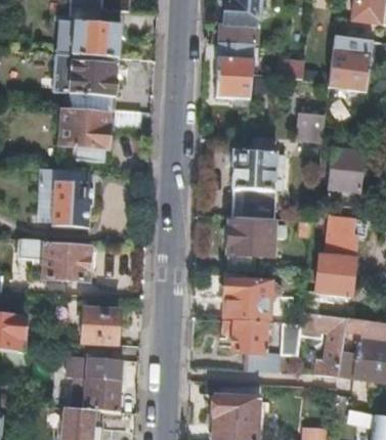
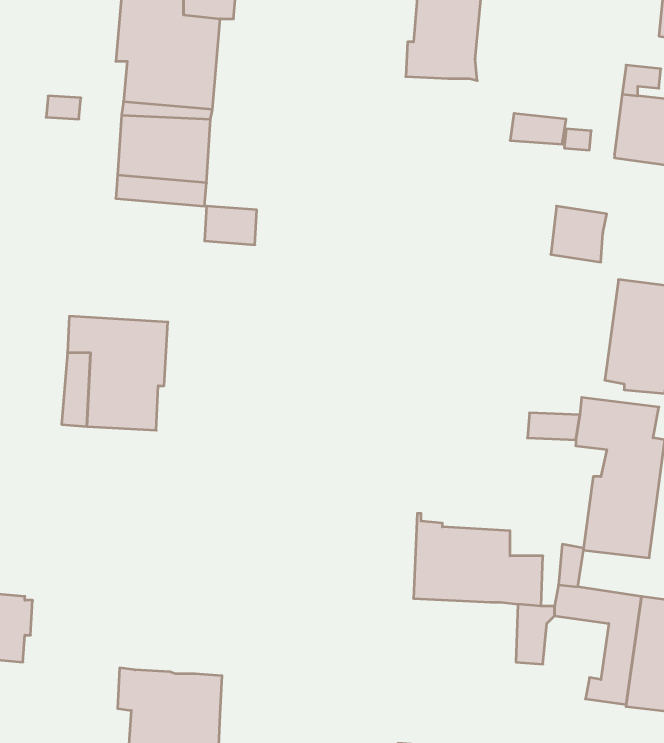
building: [216,41,254,97] -> none
building: [61,112,110,162] -> none
building: [232,148,277,218] -> none
building: [227,221,273,267] -> none
building: [18,238,89,280] -> none
building: [81,307,119,343] -> none
building: [223,317,278,369] -> none

